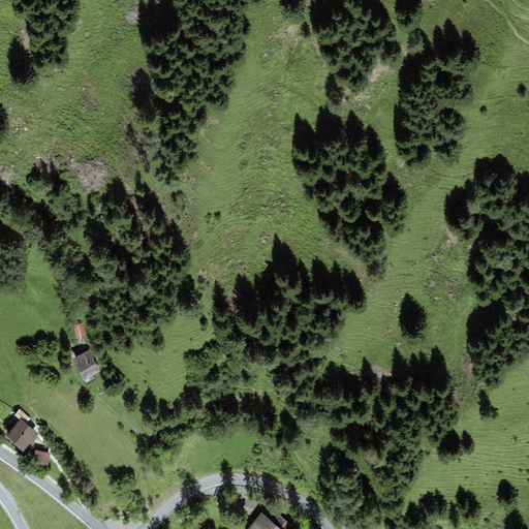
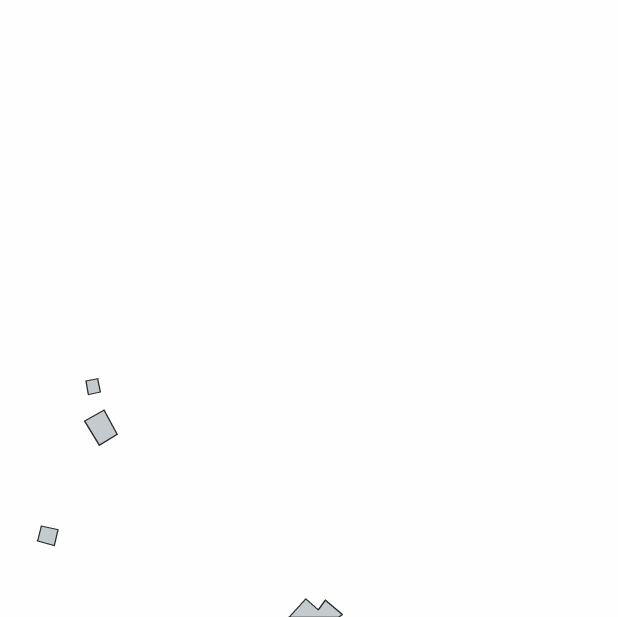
building: [6,418,37,450] -> none

